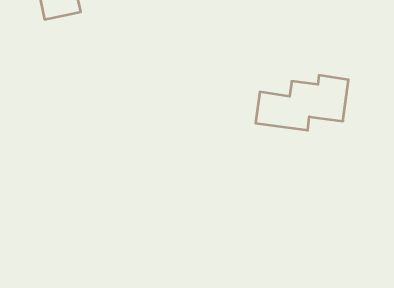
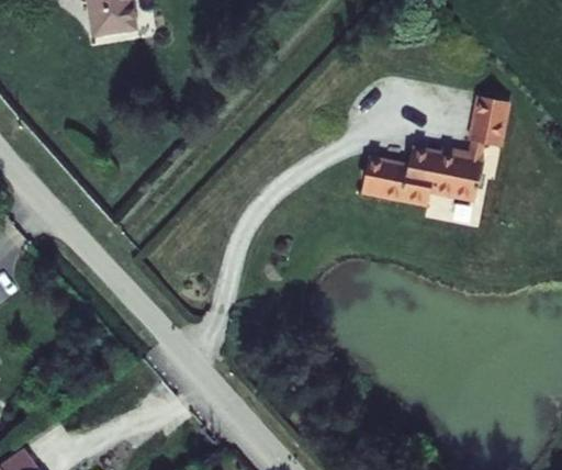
building: none -> [467,96,513,148]

